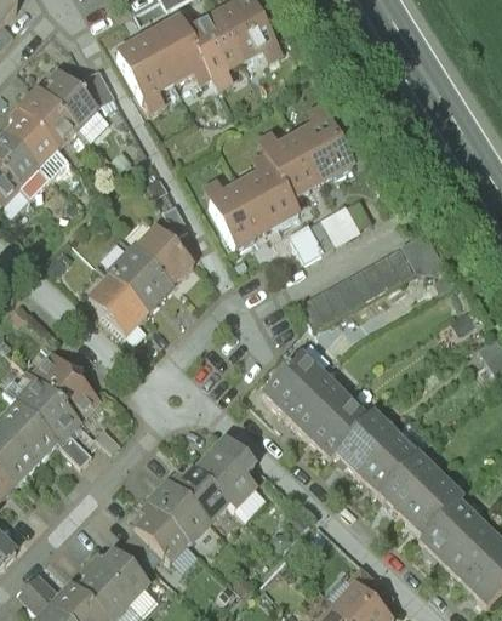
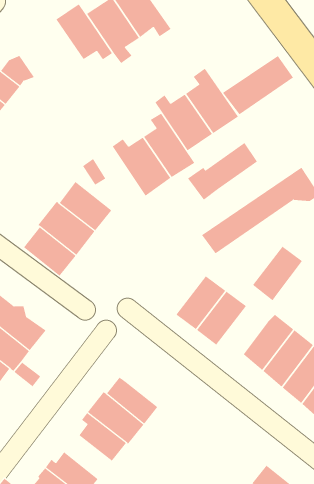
building: [115,29,176,110] -> none
building: none -> [222,55,294,115]
building: [307,392,370,457] -> [252,246,303,301]
building: [193,435,258,509] -> none

